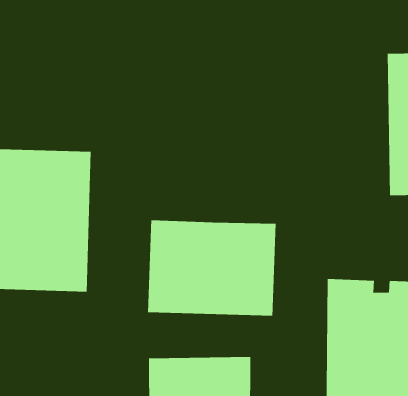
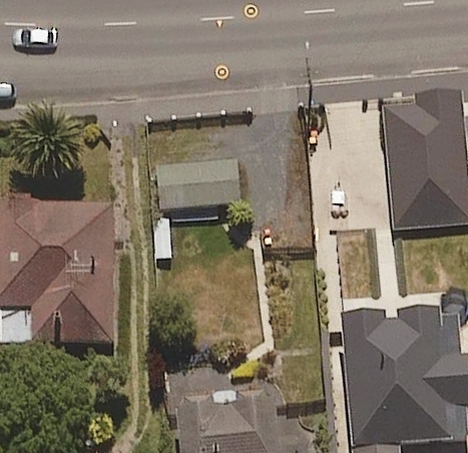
building: none -> [156,165,239,210]
building: [148,219,276,316] -> none

